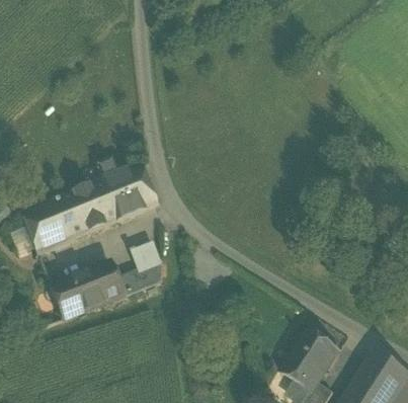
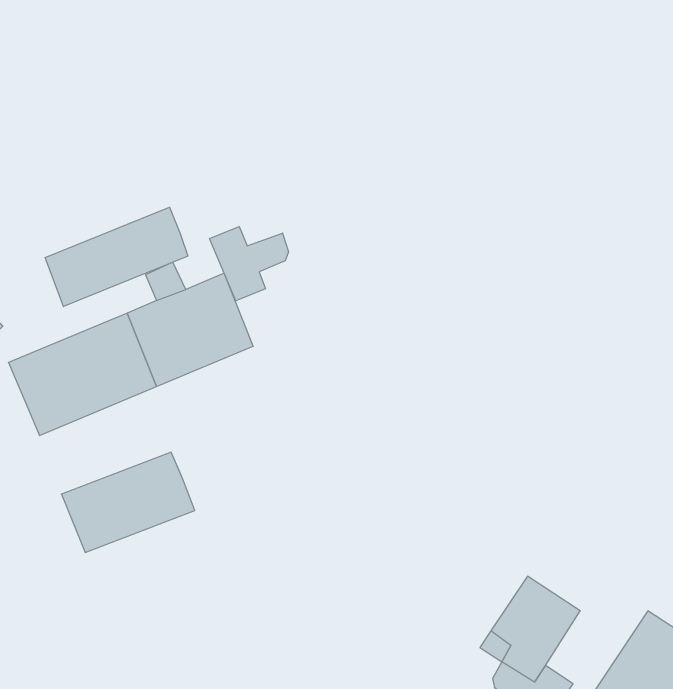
building: none -> [45,207,188,307]
building: none -> [209,227,289,301]
building: [115,242,161,294] -> none

